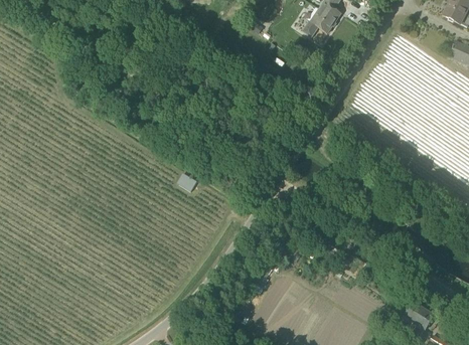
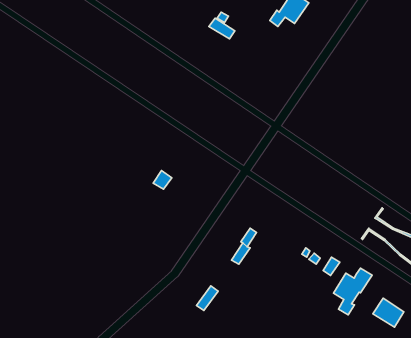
building: none -> [334,268,372,315]

